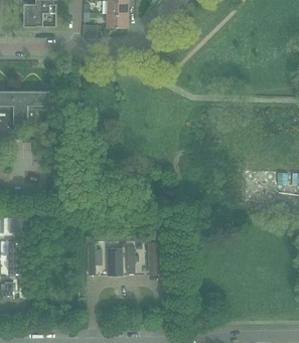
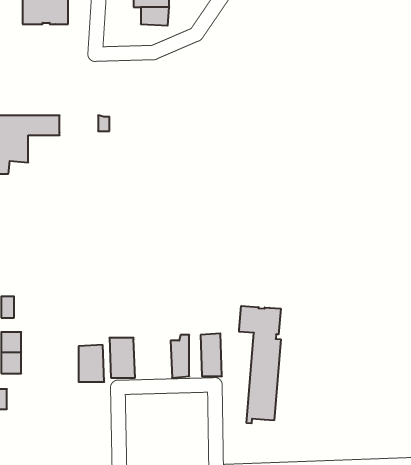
building: none -> [239,306,281,423]
building: [108,249,126,276] -> [79,345,104,382]

